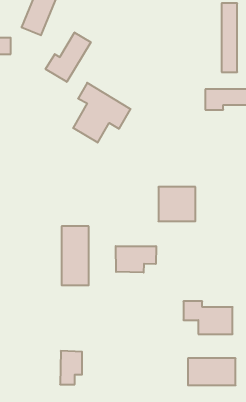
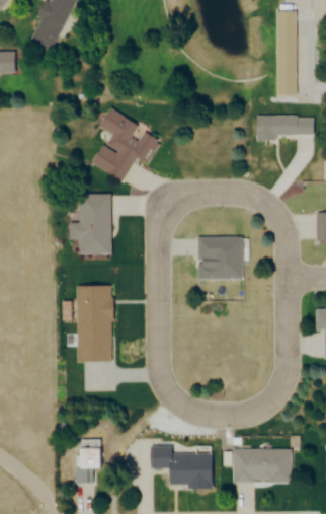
building: [46,32,91,82] -> none
building: none -> [70,194,112,254]
building: [116,246,156,273] -> none
building: [183,301,233,334] -> [151,445,212,486]

